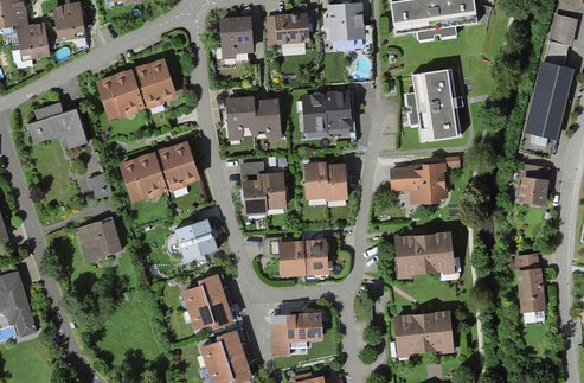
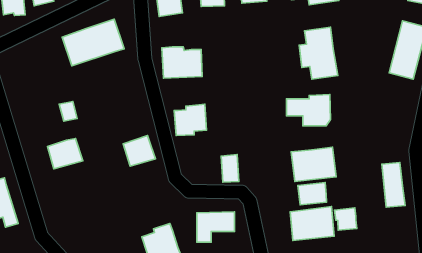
building: [301,91,351,136] -> none
building: [27,106,86,151] -> none
building: [117,142,200,204] -> none
building: [303,164,348,202] -> none
building: [519,165,548,205] -> none
building: [278,243,306,280] -> none
building: [179,276,232,334] -> none
building: none -> [298,183,327,205]
building: none -> [334,208,357,230]

